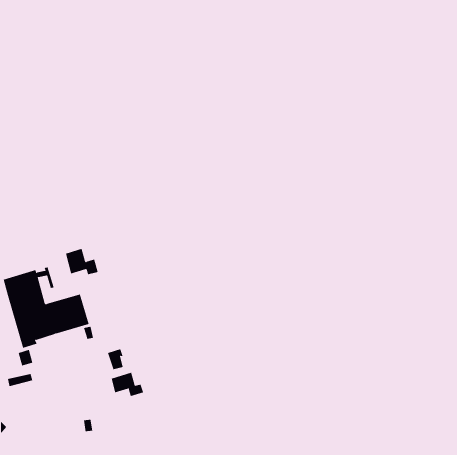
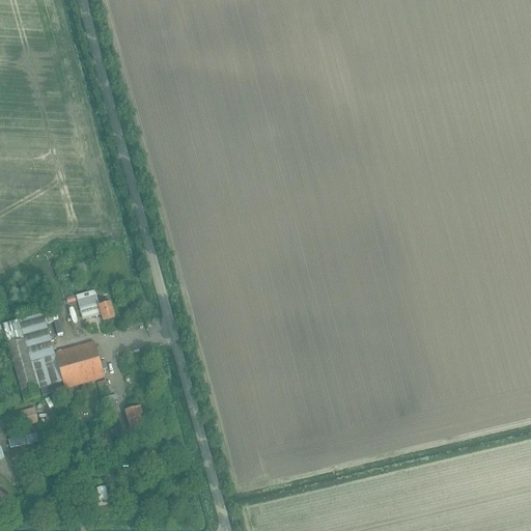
building: [111,372,144,397] -> none

